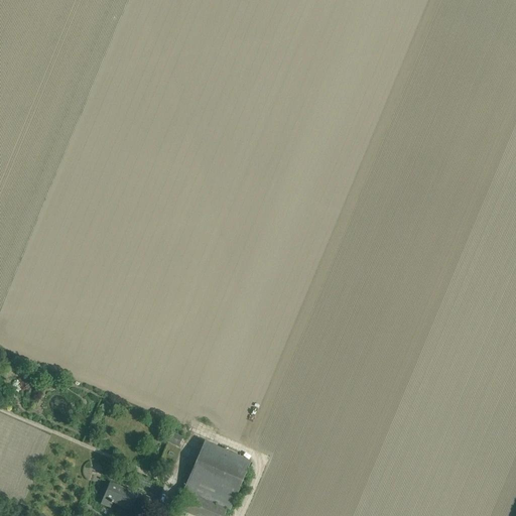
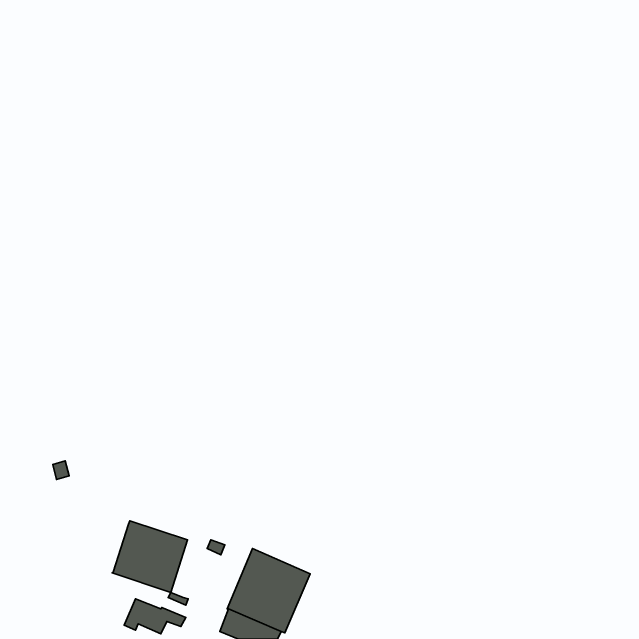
building: none -> [112,521,187,593]

